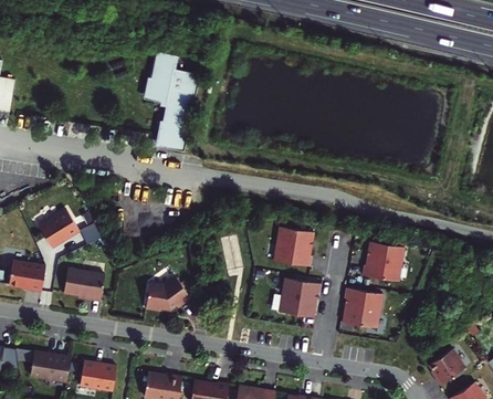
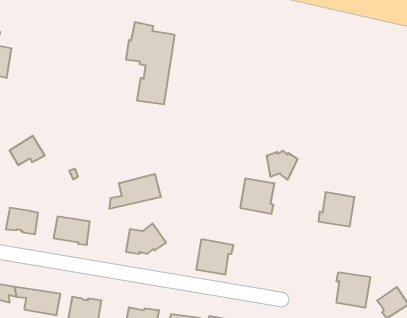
building: none -> [267,151,297,180]
building: [39,210,78,243] -> [9,136,45,165]
building: none -> [109,174,161,209]
building: [280,277,322,317] -> [196,239,233,274]
building: [344,288,382,328] -> [336,272,370,307]

